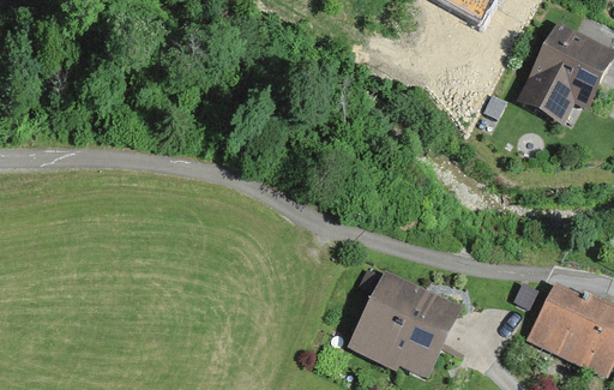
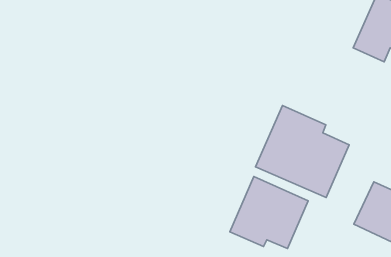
building: none -> [256,106,349,197]

